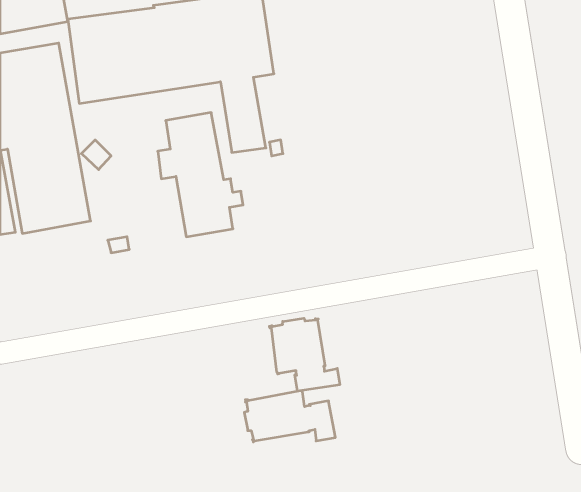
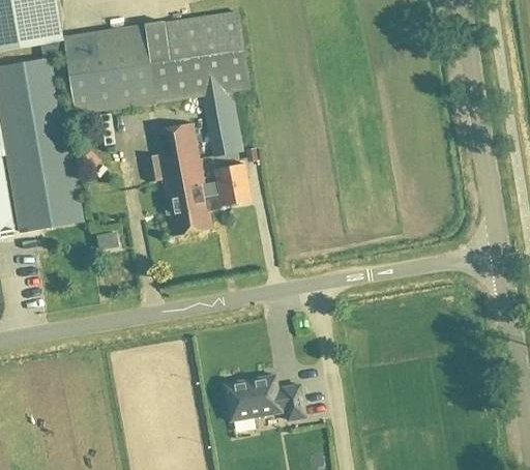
building: none -> [210,163,249,207]
building: [269,318,340,391] -> none

